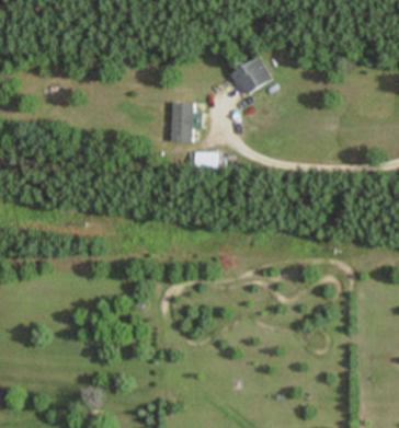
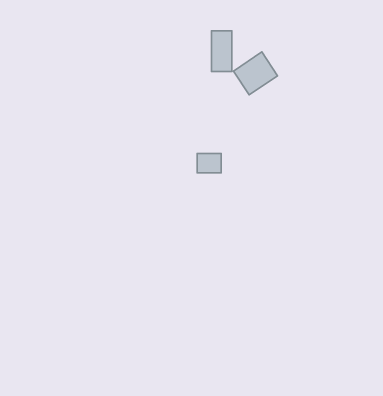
building: [172,102,192,141] -> [211,31,232,71]

